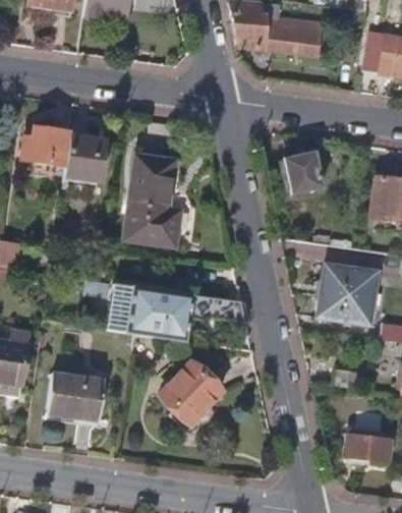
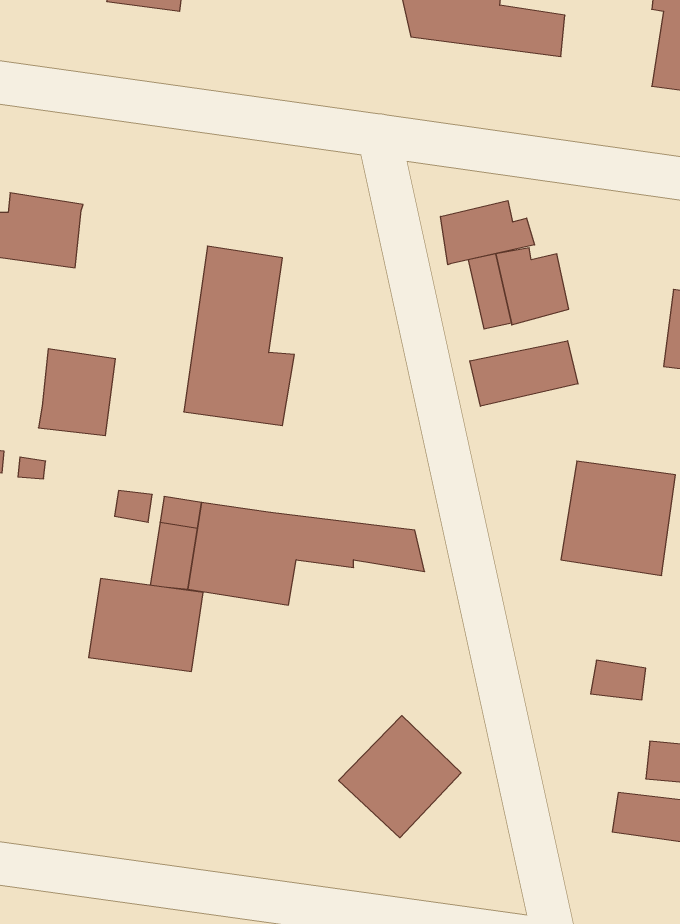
building: none -> [441,201,535,265]
building: [65,135,105,180] -> [38,349,115,436]
building: none -> [470,341,578,406]
building: [159,360,222,423] -> [339,716,461,838]
building: [48,373,107,420] -> [89,579,203,671]

